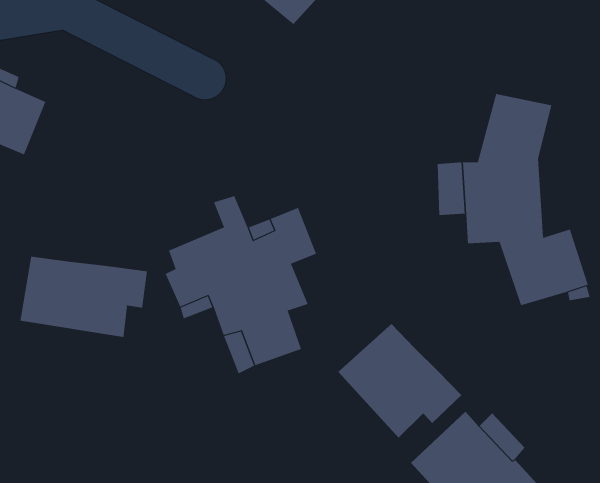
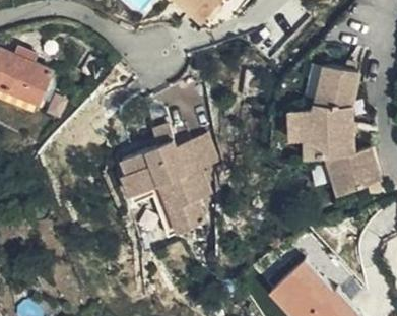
building: [20,256,148,338] -> none
building: [337,323,462,439] -> none

